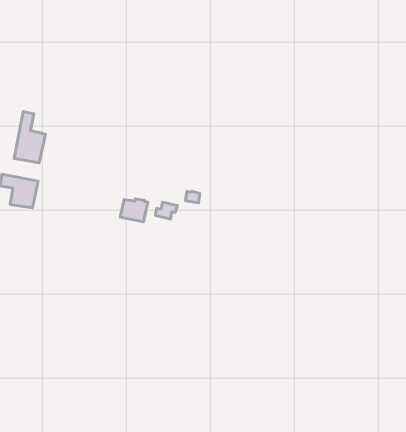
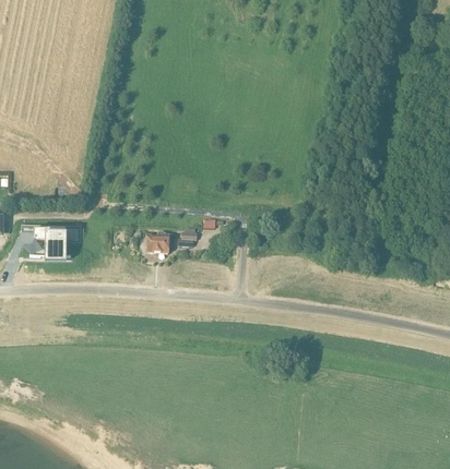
building: [14,111,45,163] -> none

